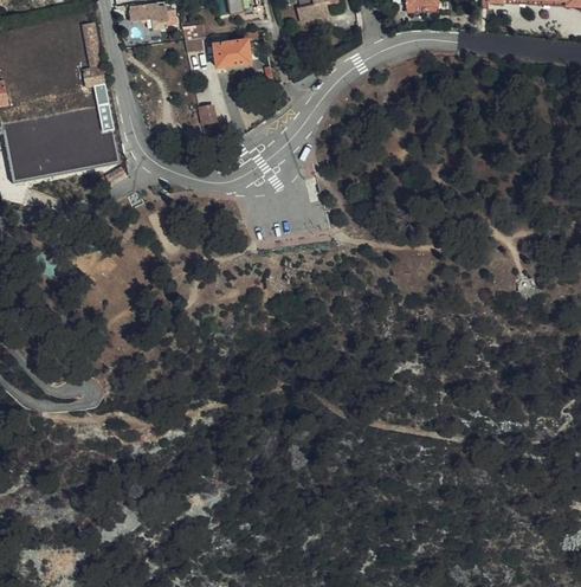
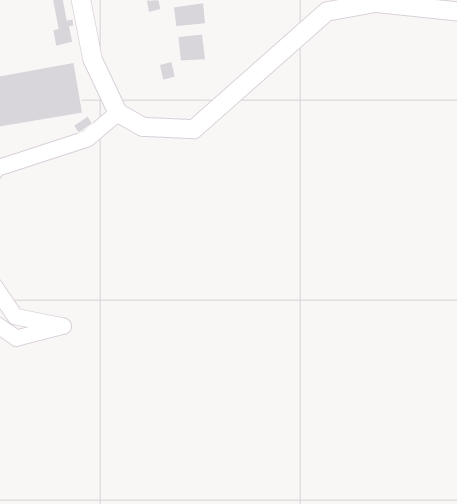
building: none -> [178,34,205,61]

